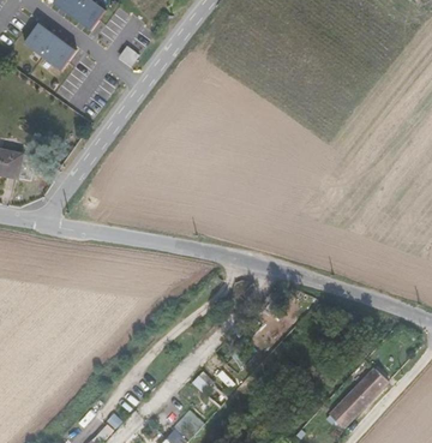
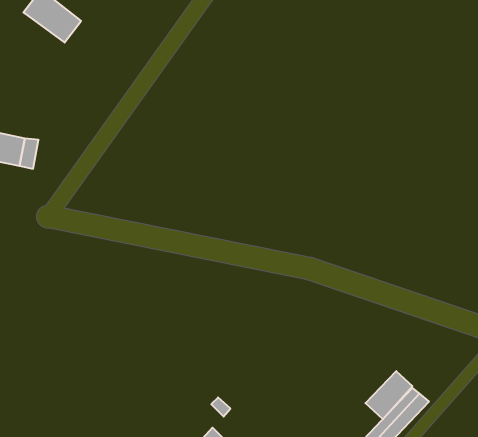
building: none -> [365,371,412,419]

